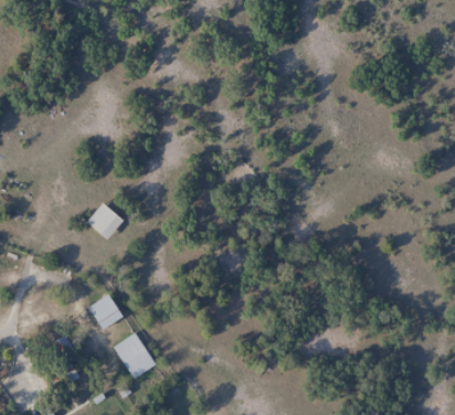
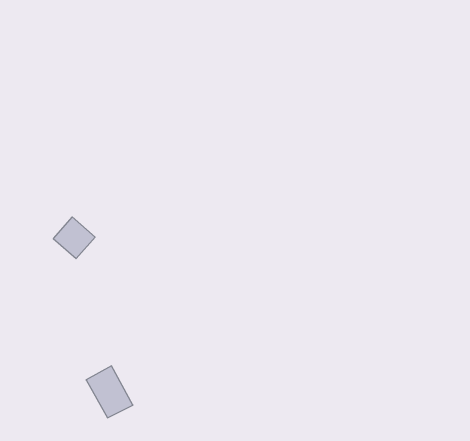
building: [88,295,123,329] -> none

